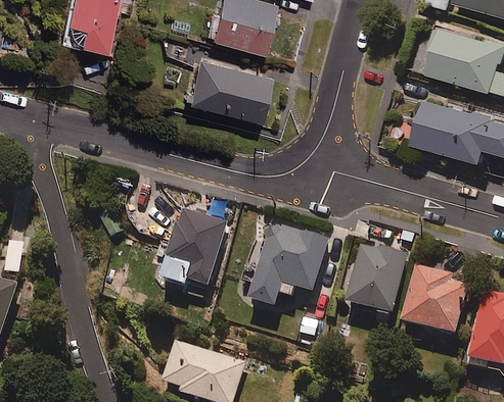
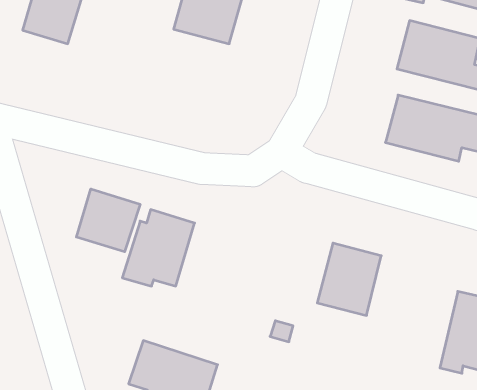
building: [185,57,268,118] -> none
building: none -> [76,189,140,252]
building: [244,227,329,308] -> none
building: [401,265,467,336] -> none

